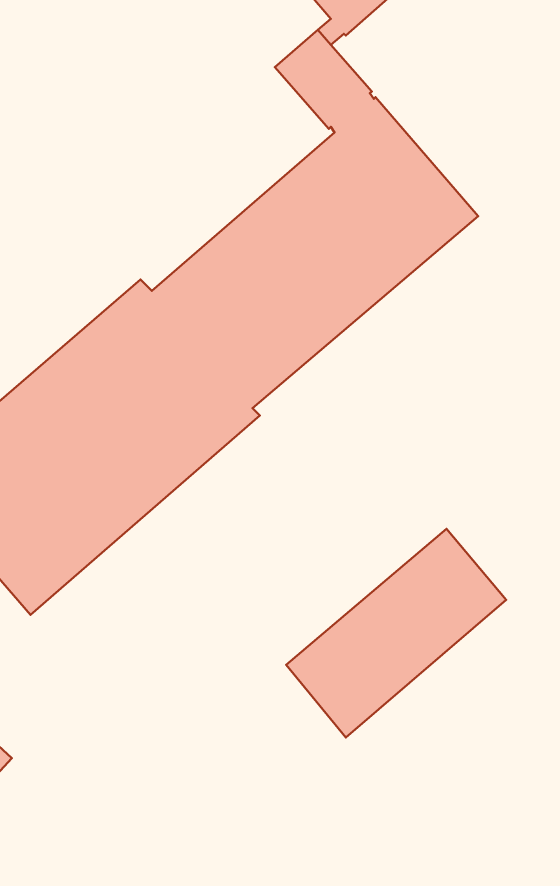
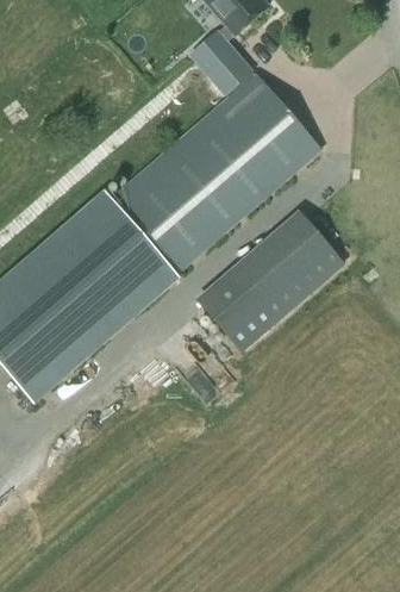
building: [286,529,506,738] -> [202,217,343,350]

